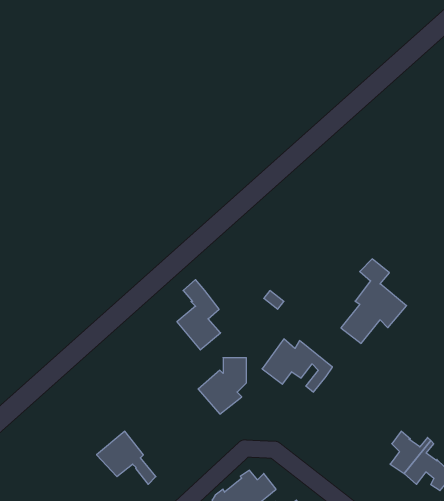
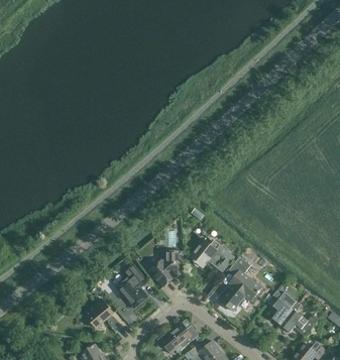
building: [341,259,407,343] -> [219,256,261,311]
building: [177,280,221,350] -> [118,262,146,308]

